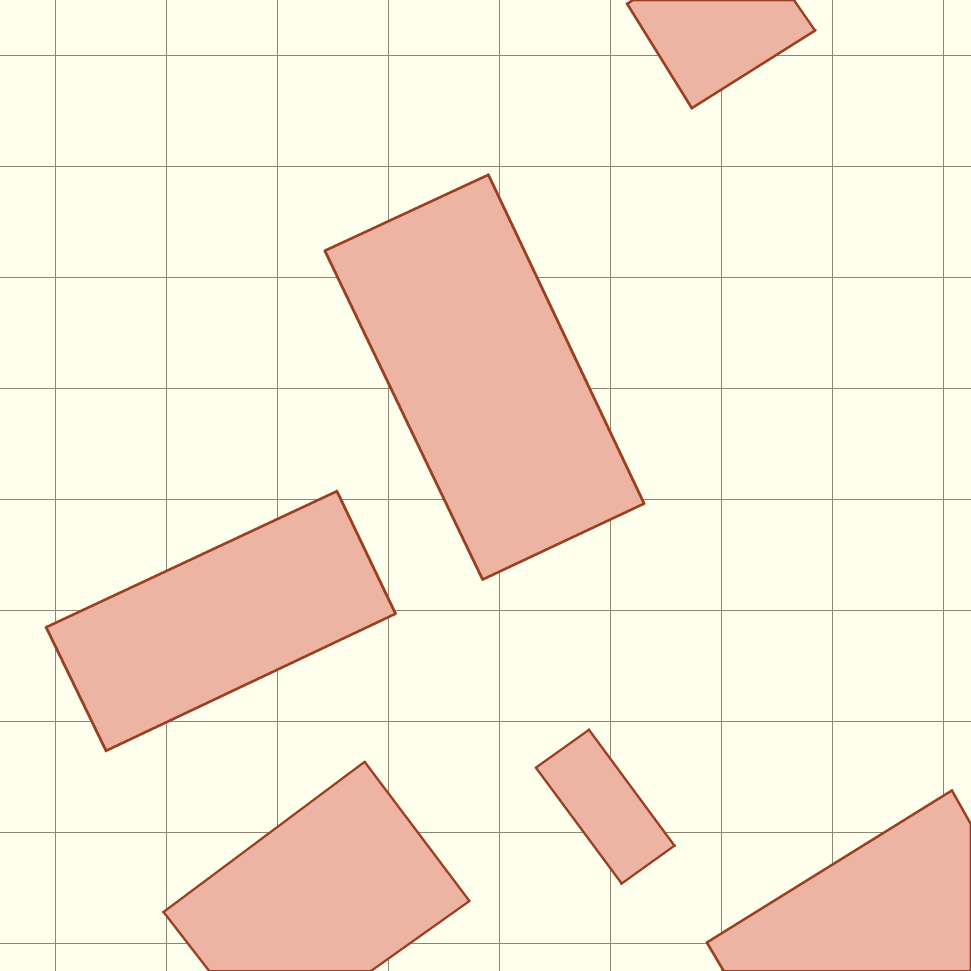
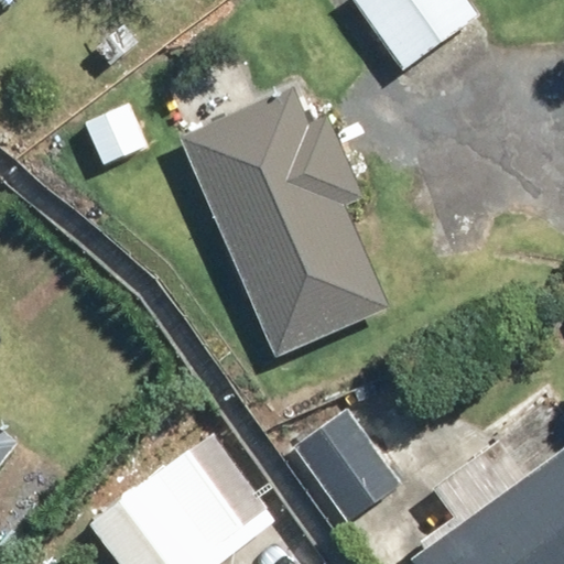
building: [46,491,395,751] -> none

